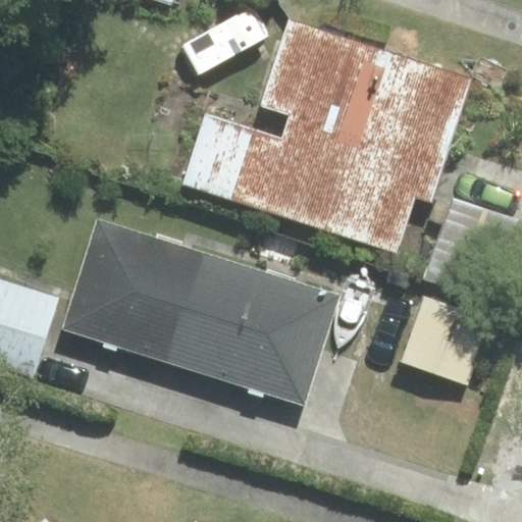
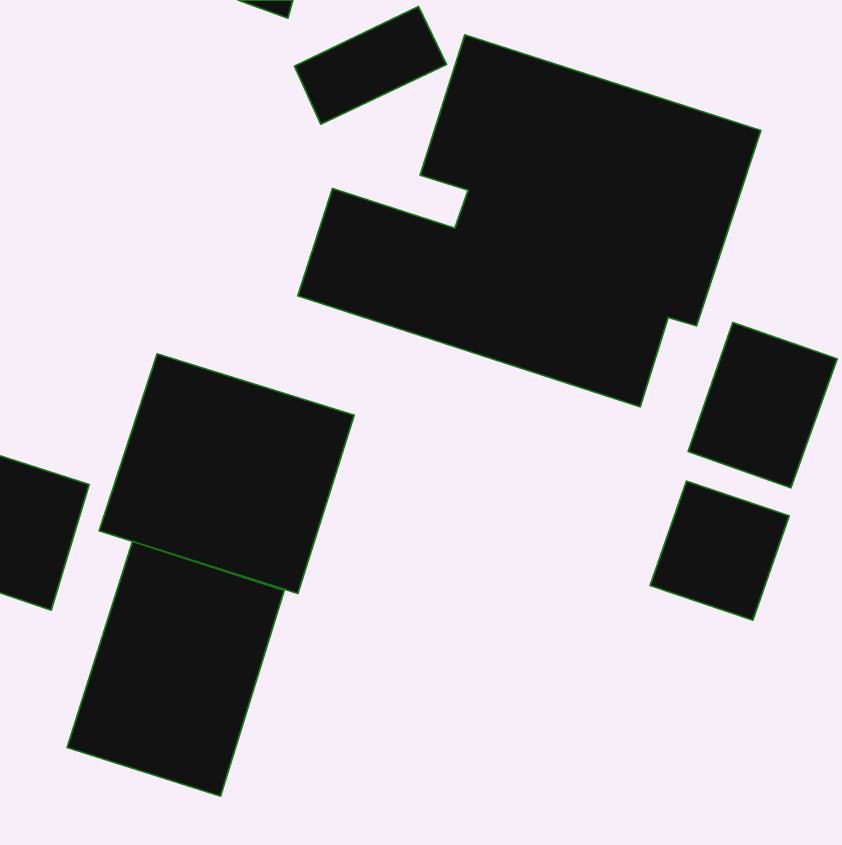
building: [184,256,336,404] -> none
building: none -> [67,541,284,796]

